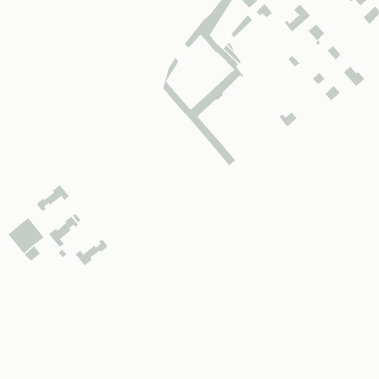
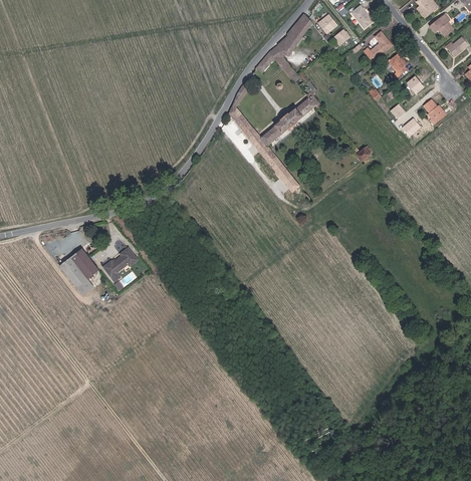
building: [36,184,70,212] -> none
building: [75,238,108,266] -> none

